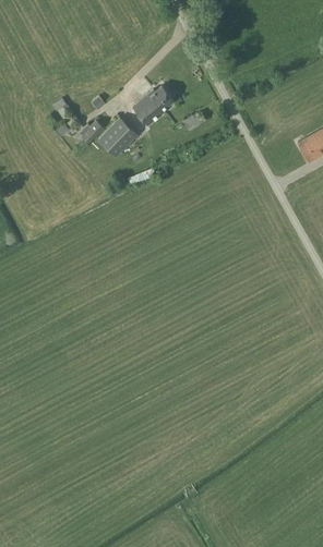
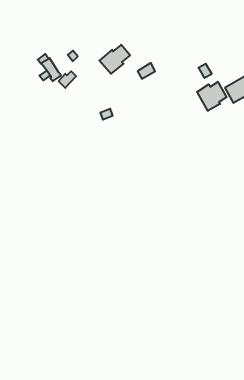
building: [98,118,136,157] -> none
building: none -> [197,82,227,111]

